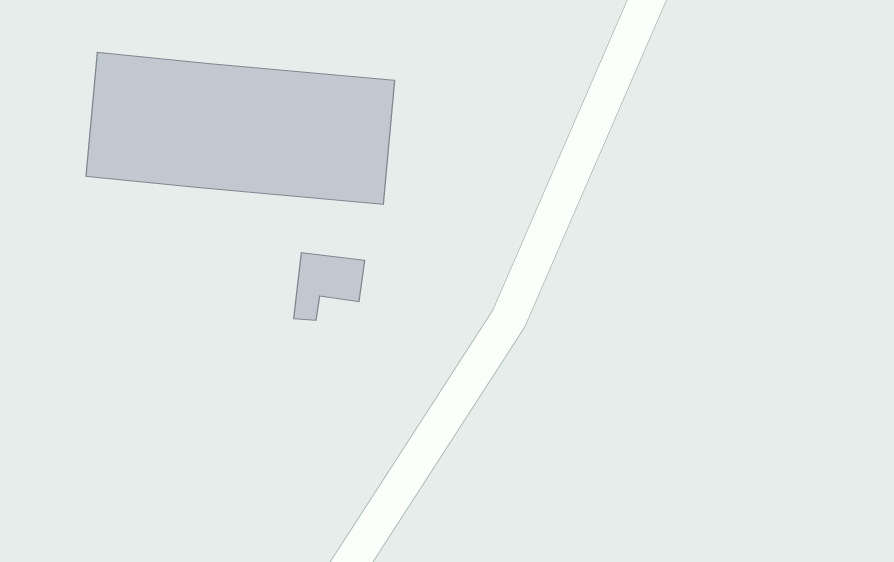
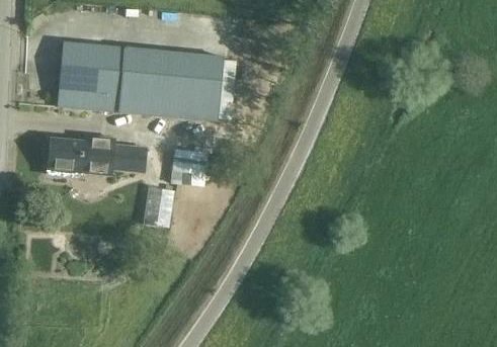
building: none -> [47,138,147,175]
building: none -> [145,185,175,226]

